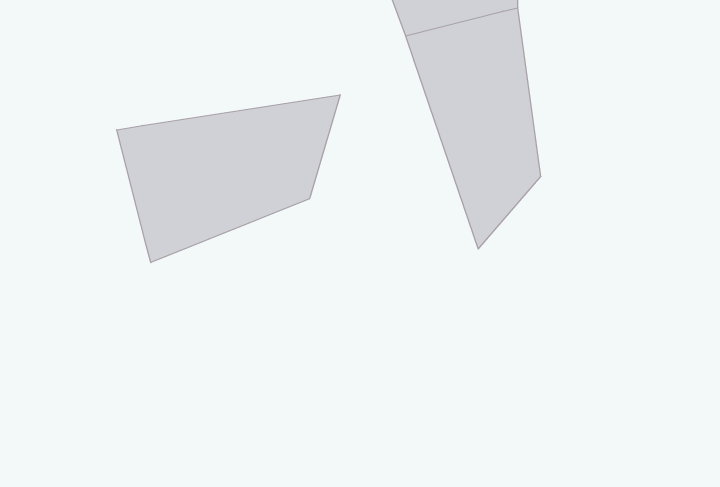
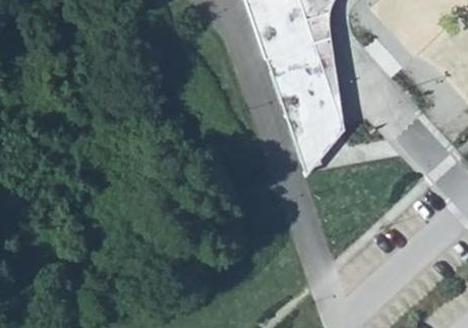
building: [117,95,340,263] -> none

